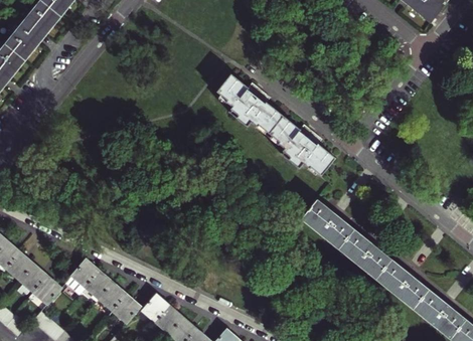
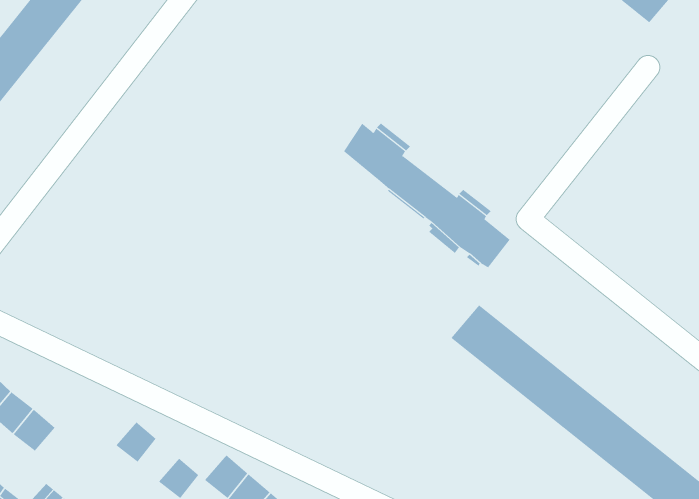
building: [219,75,254,126] -> none
building: [67,262,99,294] -> none
building: [34,278,61,305] -> none
building: [100,285,126,312] -> none

